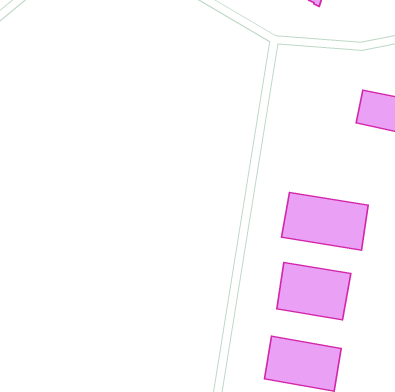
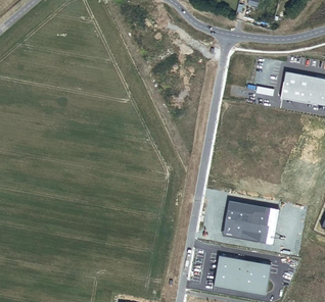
building: [281,193,368,250] -> none

